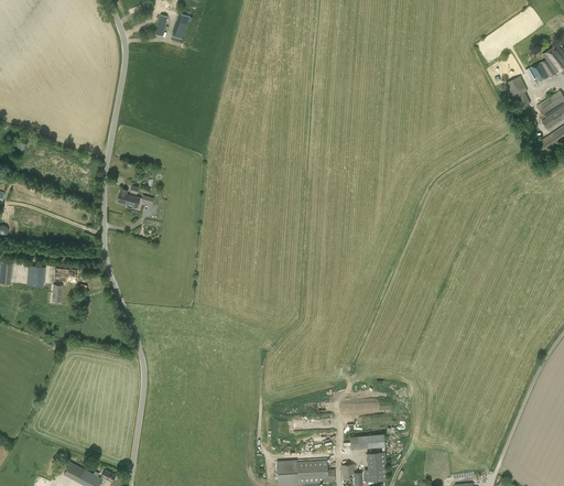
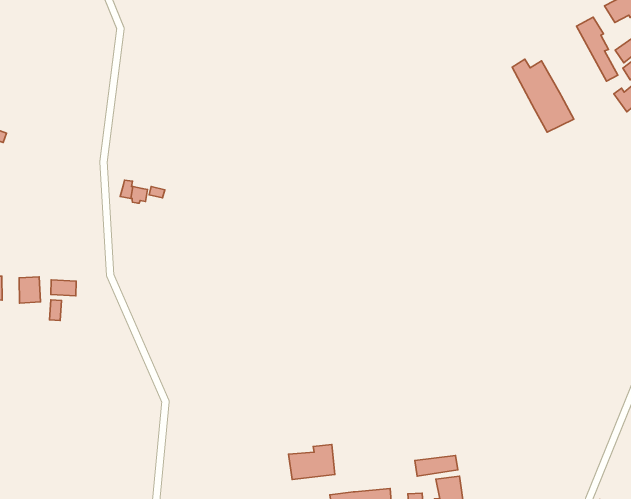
building: none -> [512,59,574,132]
building: none -> [288,445,335,480]

